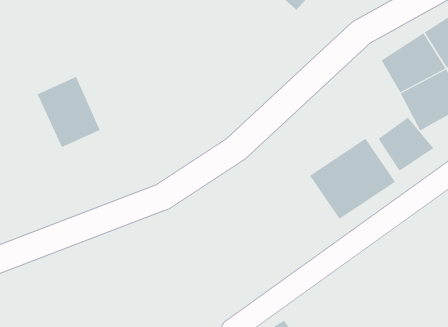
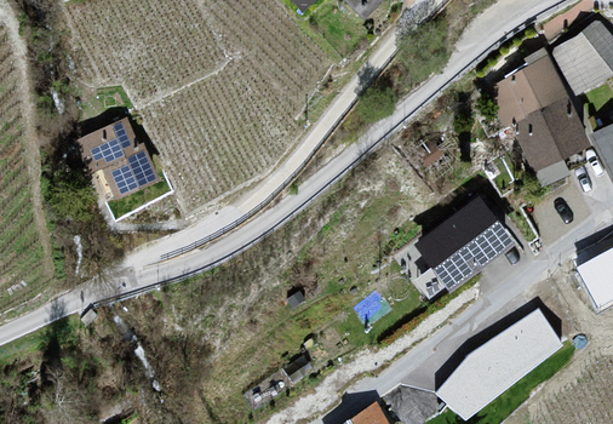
building: [378,117,434,172] -> none
building: none -> [426,305,563,413]

